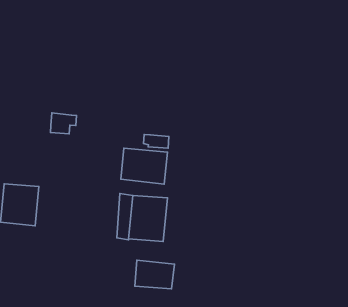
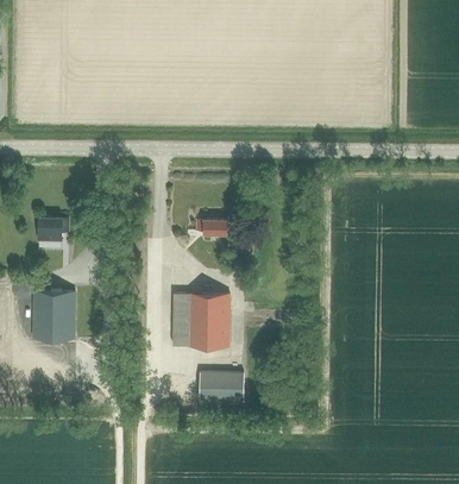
building: [50,113,77,134] -> [38,218,68,241]
building: [121,148,167,184] -> none

